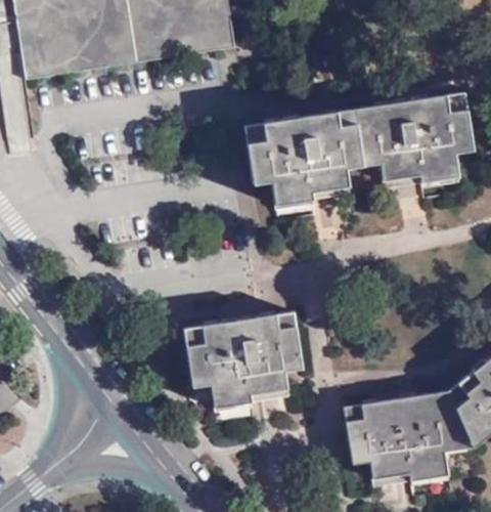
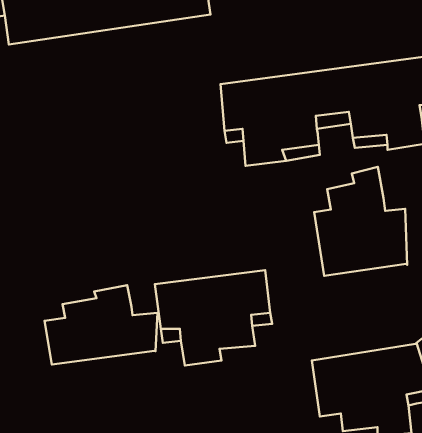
building: none -> [314,167,407,276]
building: none -> [45,285,158,364]

